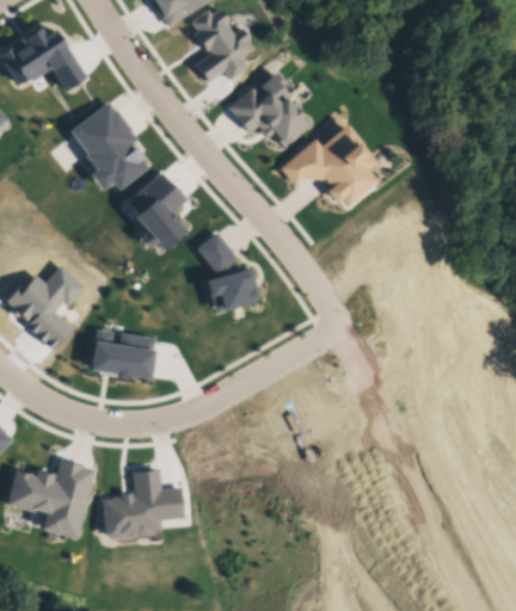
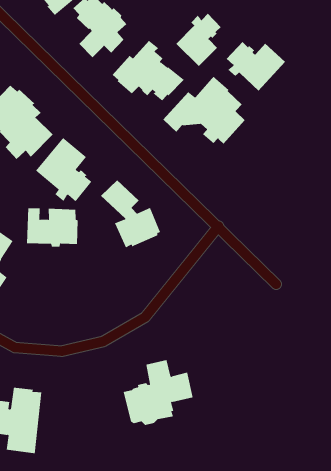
building: none -> [176,13,222,67]
building: none -> [226,41,286,91]
building: [90,329,155,381] -> [26,208,79,247]
building: [102,469,184,543] -> [123,360,193,425]

